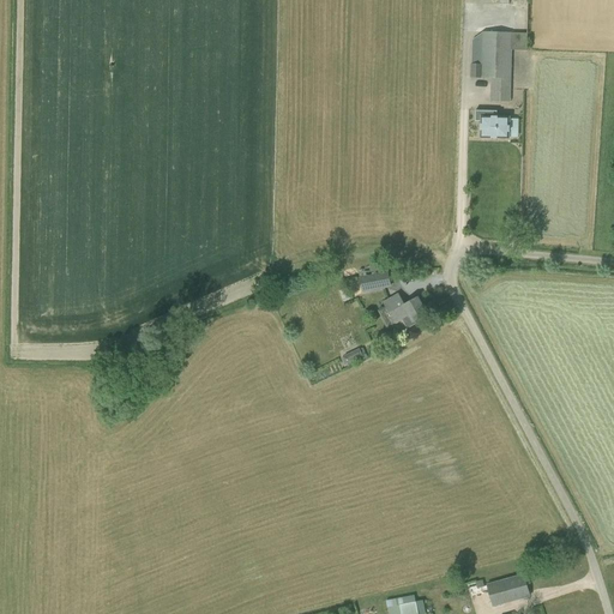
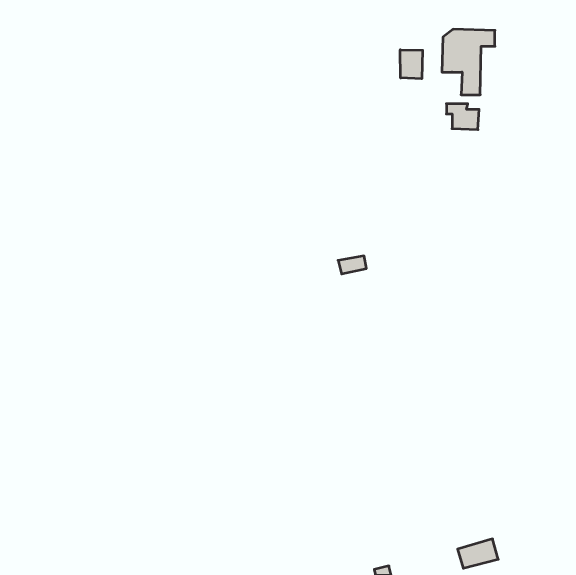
building: none -> [400,50,423,79]
building: [378,294,427,329] -> none

